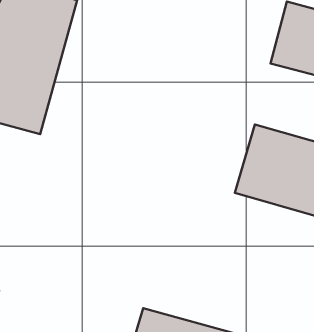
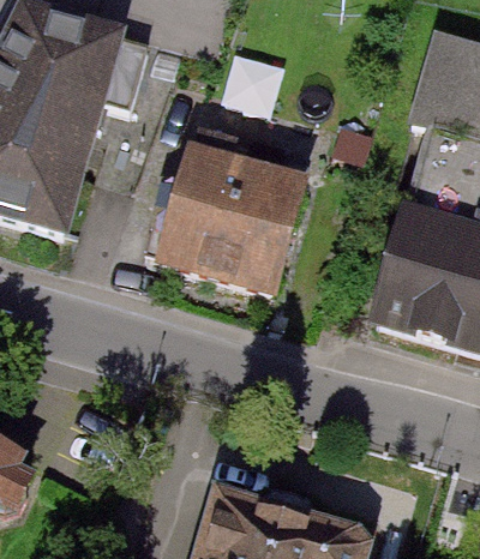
building: none -> [149,160,298,299]

